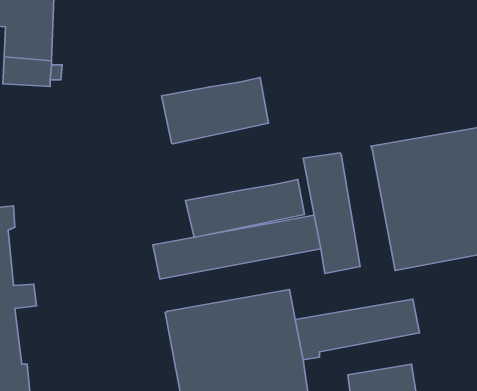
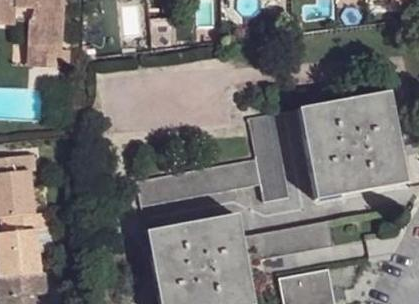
building: [161,77,268,144] -> none
building: [186,179,304,237] -> none

